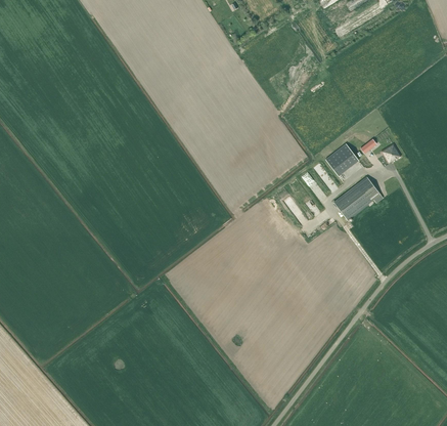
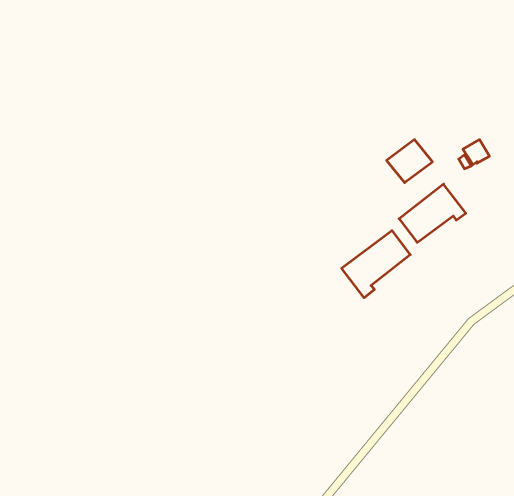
building: none -> [342,231,410,298]

